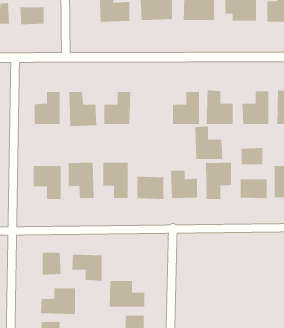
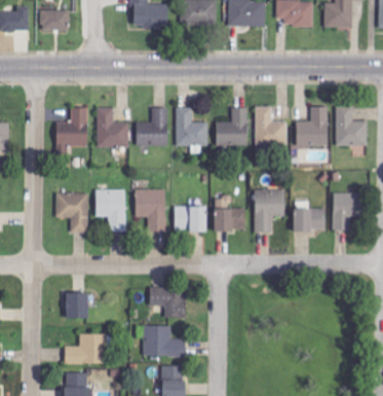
building: [194,126,223,160] -> [176,107,208,146]
building: [241,147,263,165] -> none
building: [71,254,103,281] -> [149,287,185,318]

